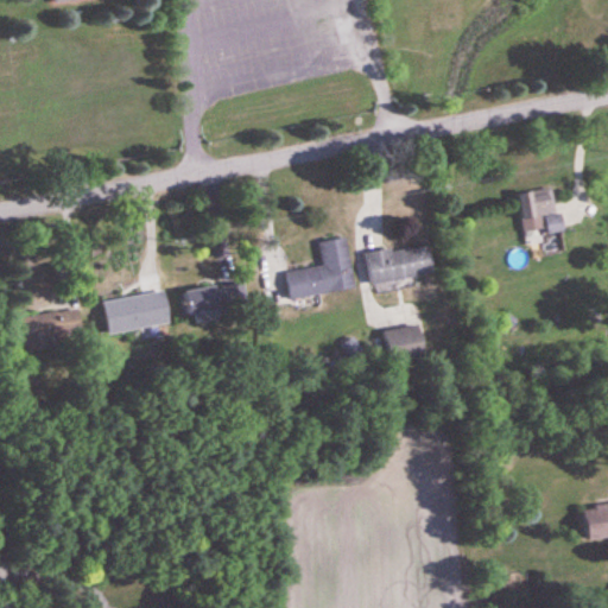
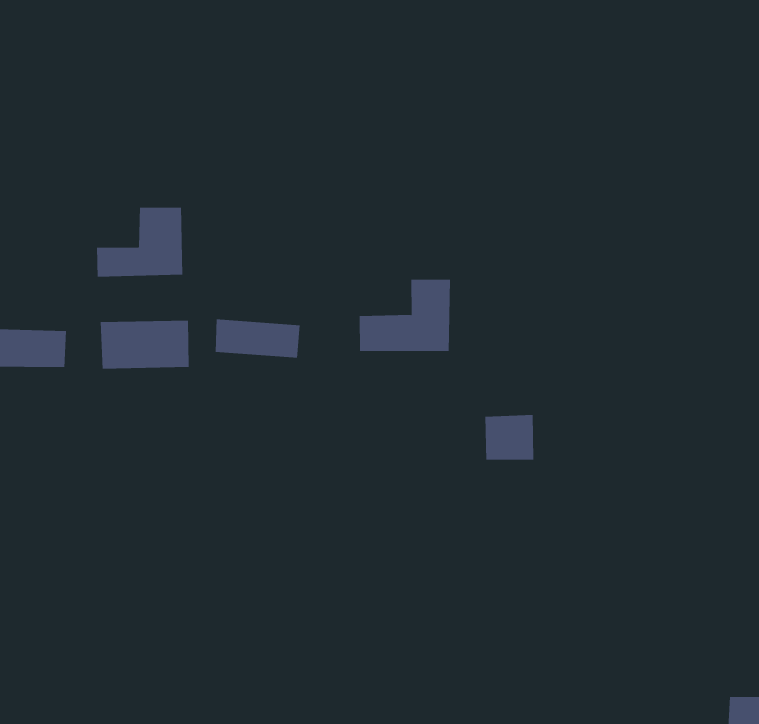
building: [517,186,562,234] -> none
building: none -> [97,207,183,277]
building: [365,243,433,285] -> none

